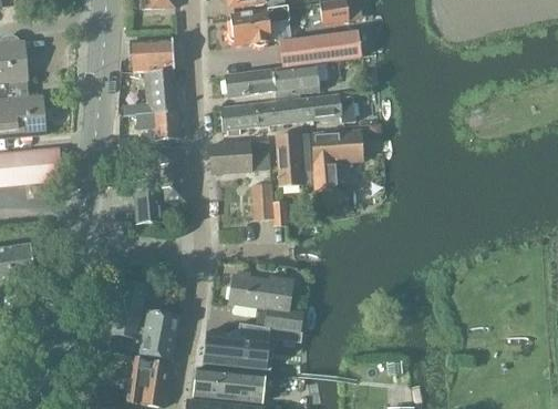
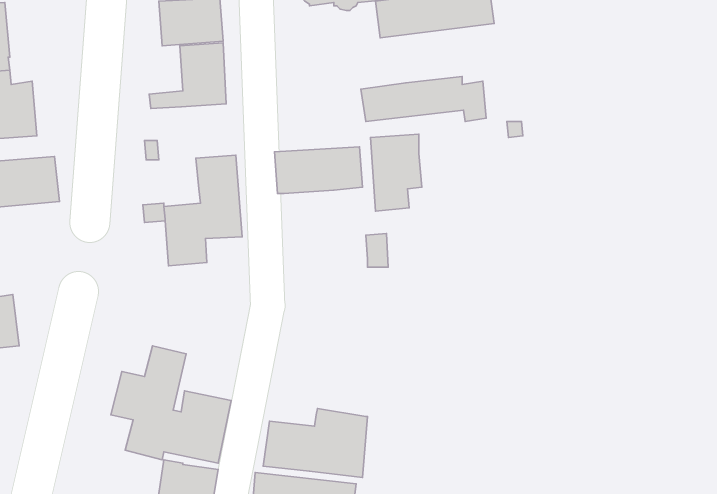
building: [224,62,320,100] -> none
building: [220,101,272,130] -> none
building: [145,111,178,140] -> none
building: [310,127,363,187] -> none
building: [251,183,273,219] -> none
building: [229,272,302,331] -> none

